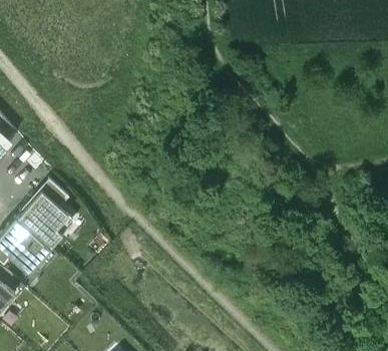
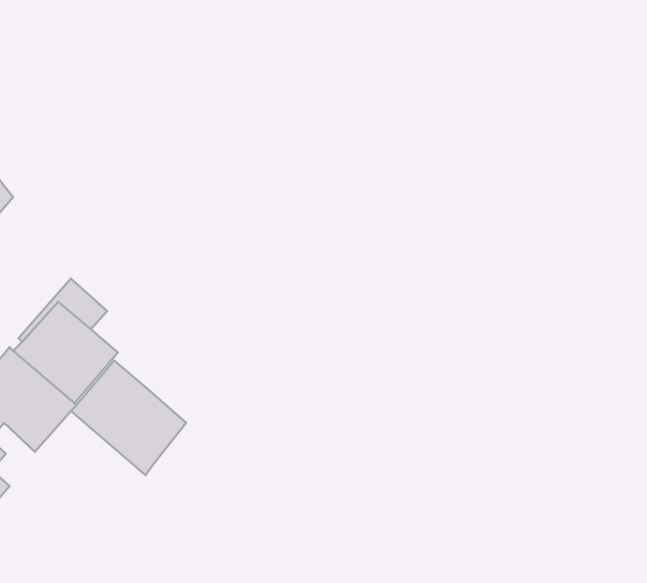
building: none -> [71,361,186,475]

